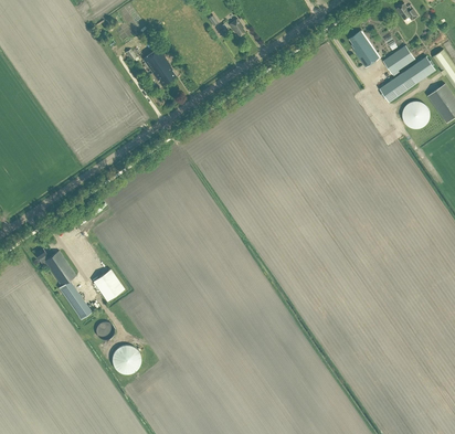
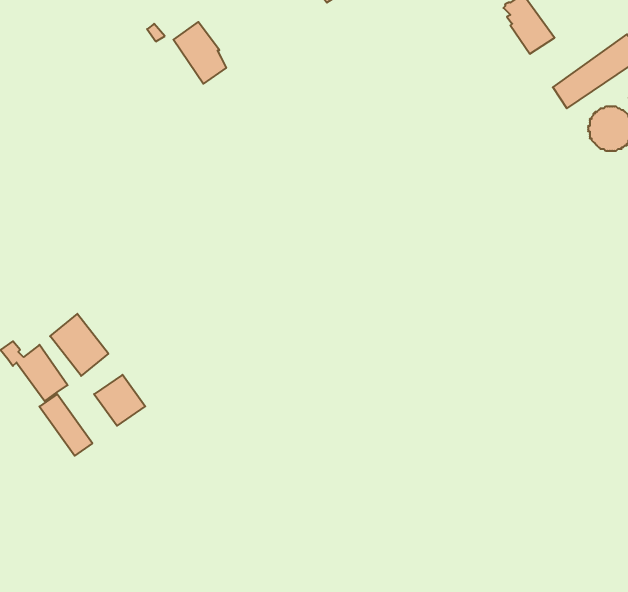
building: [382,45,414,74] -> none
building: none -> [50,314,108,376]
building: [110,345,140,373] -> none

